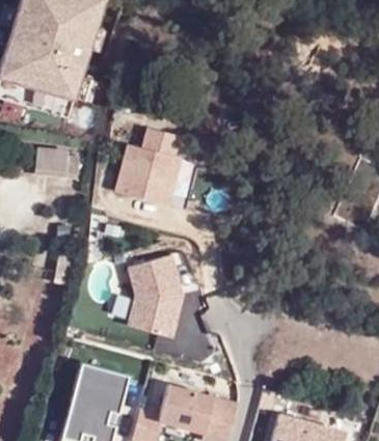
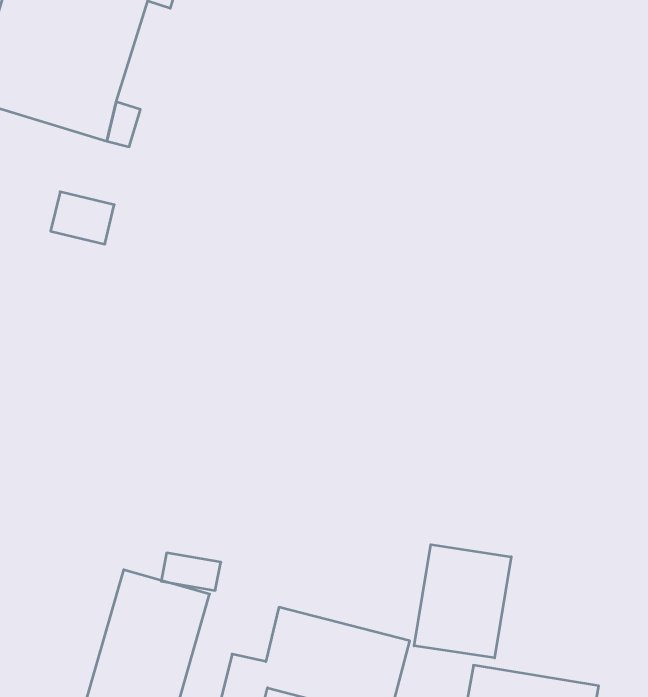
building: [112,128,183,205] -> none
building: [124,254,185,338] -> none
building: none -> [414,545,511,658]

